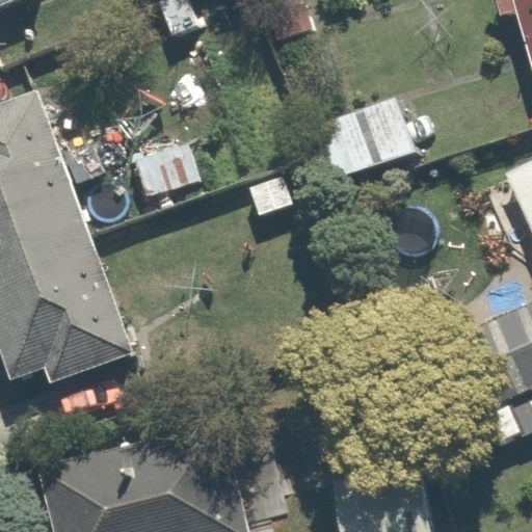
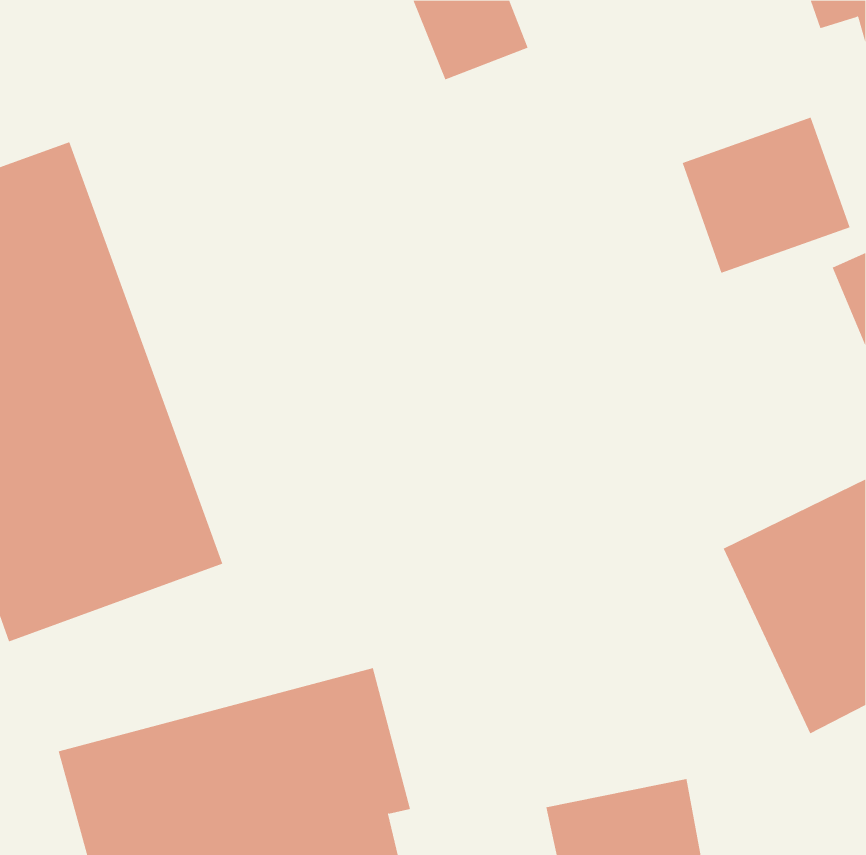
building: [316,91,419,187] -> [682,117,851,274]

